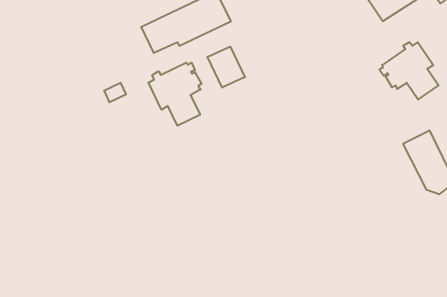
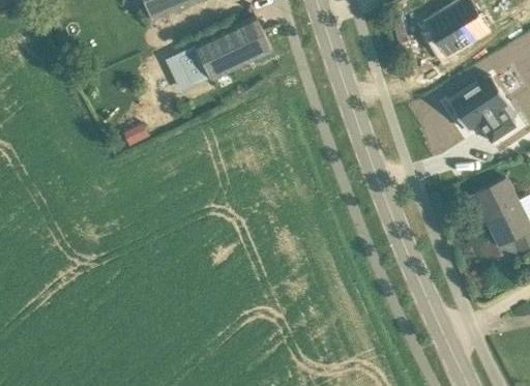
building: [207,47,245,88] -> none
building: [148,63,202,126] -> none

